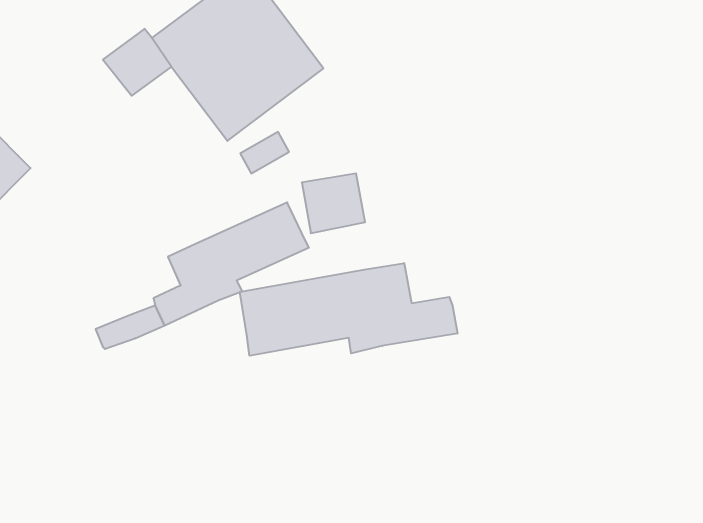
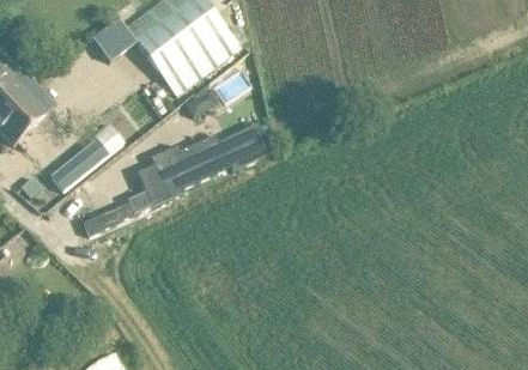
building: none -> [49,127,122,190]
building: [240,263,457,356] -> none

